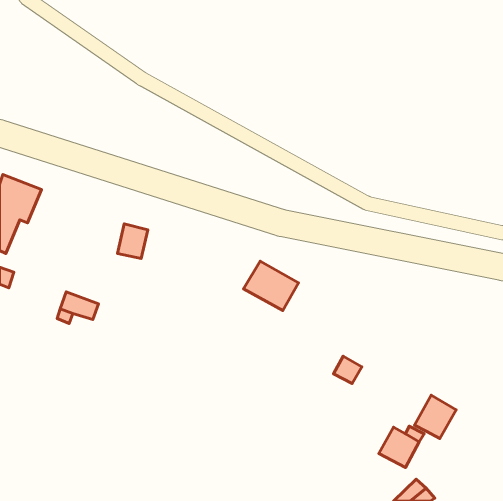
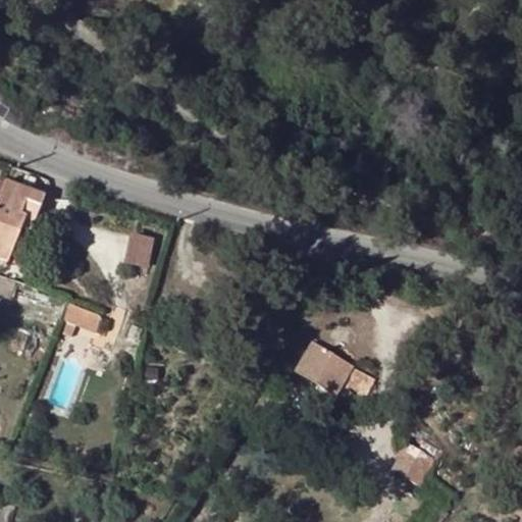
building: [243,261,299,310] -> [295,342,352,393]
building: [415,395,456,439] -> none

